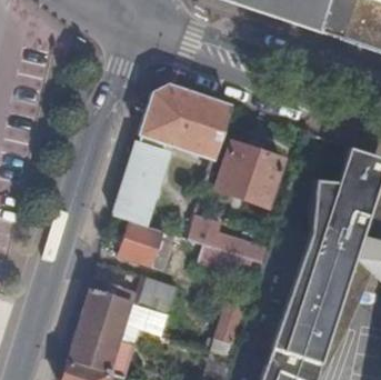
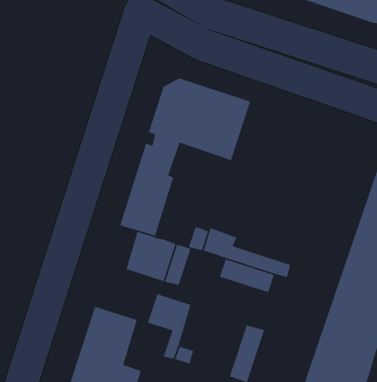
building: [214,142,282,207] -> none

